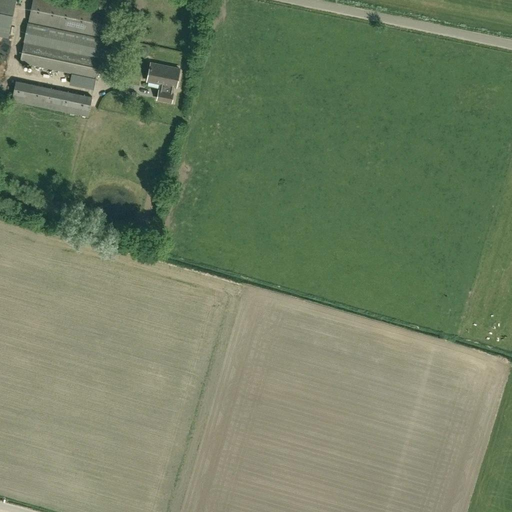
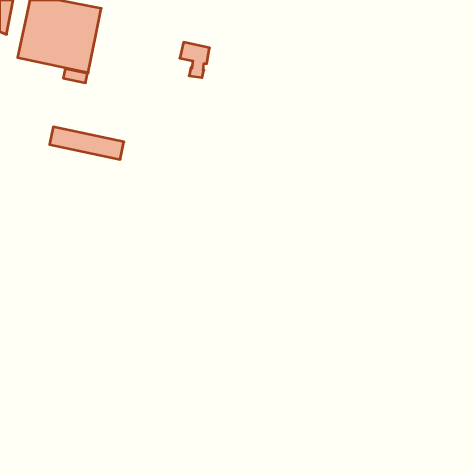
building: [146,63,178,101] -> [180,42,210,78]
building: [11,81,91,116] -> [50,127,124,159]

